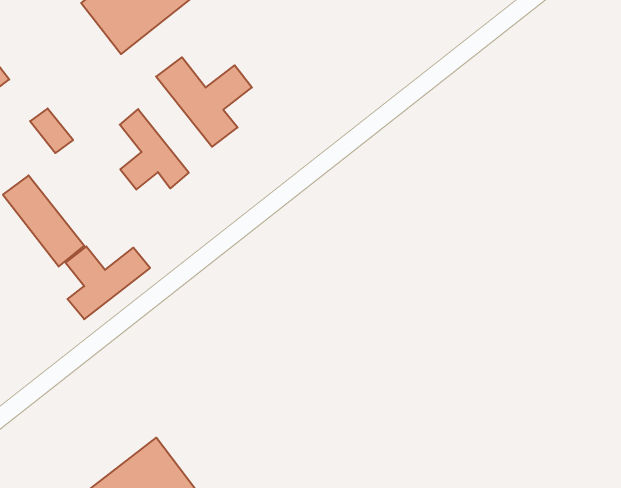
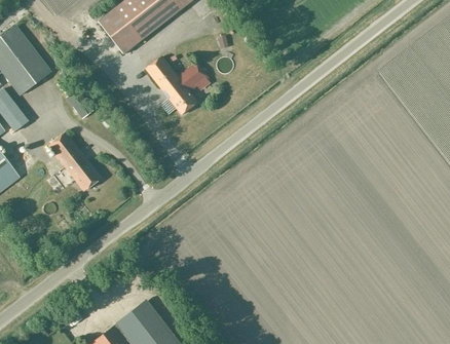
building: [120,109,189,190] -> none
building: [66,246,150,319] -> none

